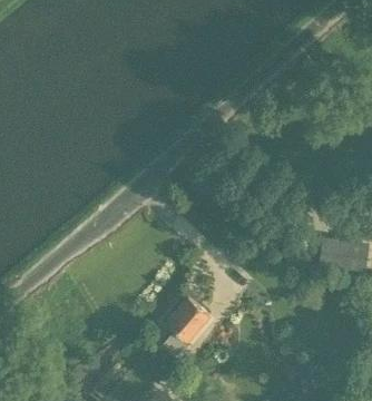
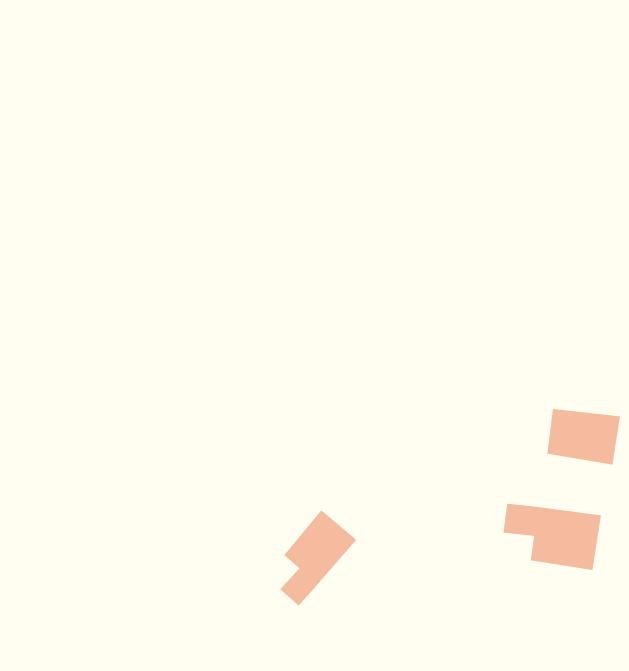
building: none -> [503,503,602,571]

